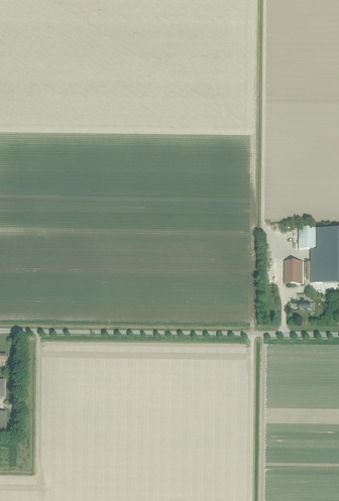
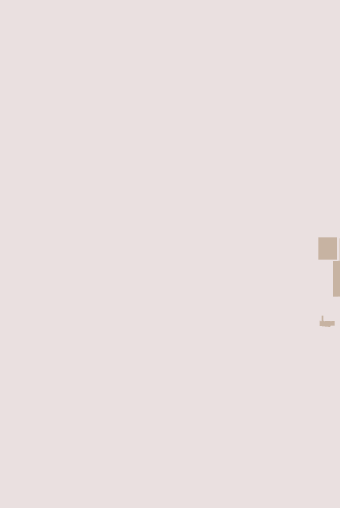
building: [284,260,302,283] -> none

